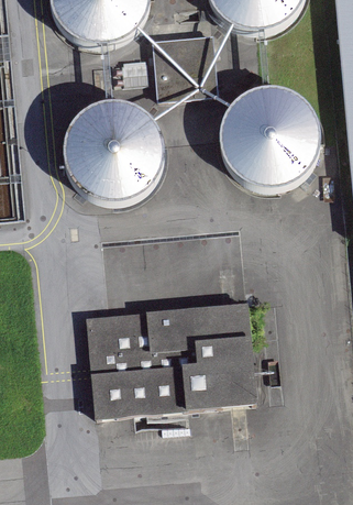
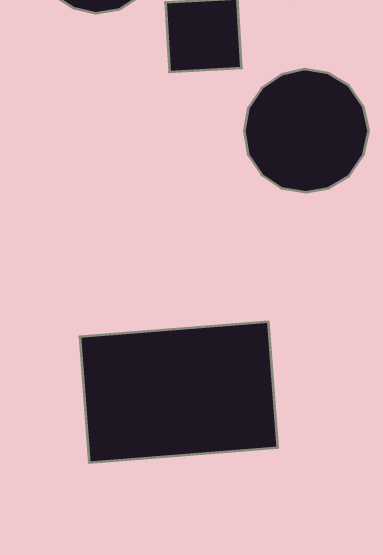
building: [65,102,167,204] -> none

